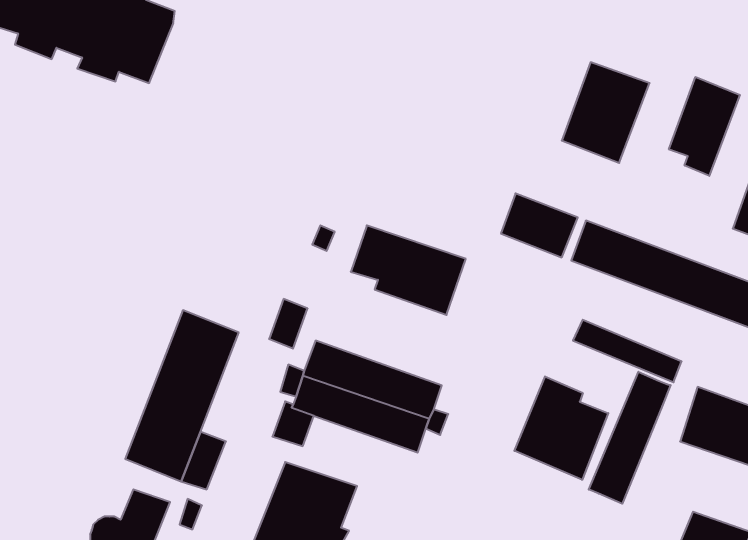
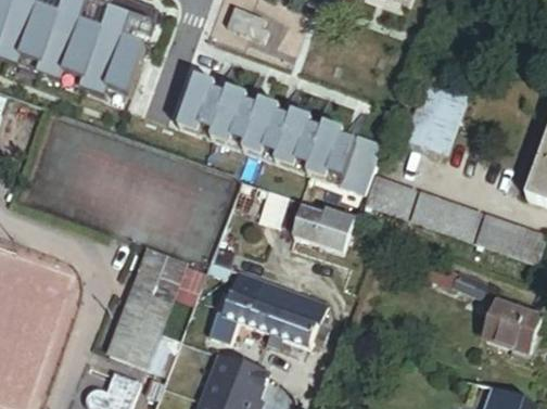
building: none -> [177,79,381,192]
building: [669,77,740,176] -> none
building: [589,372,671,504] -> none
building: [514,376,608,480] -> none

